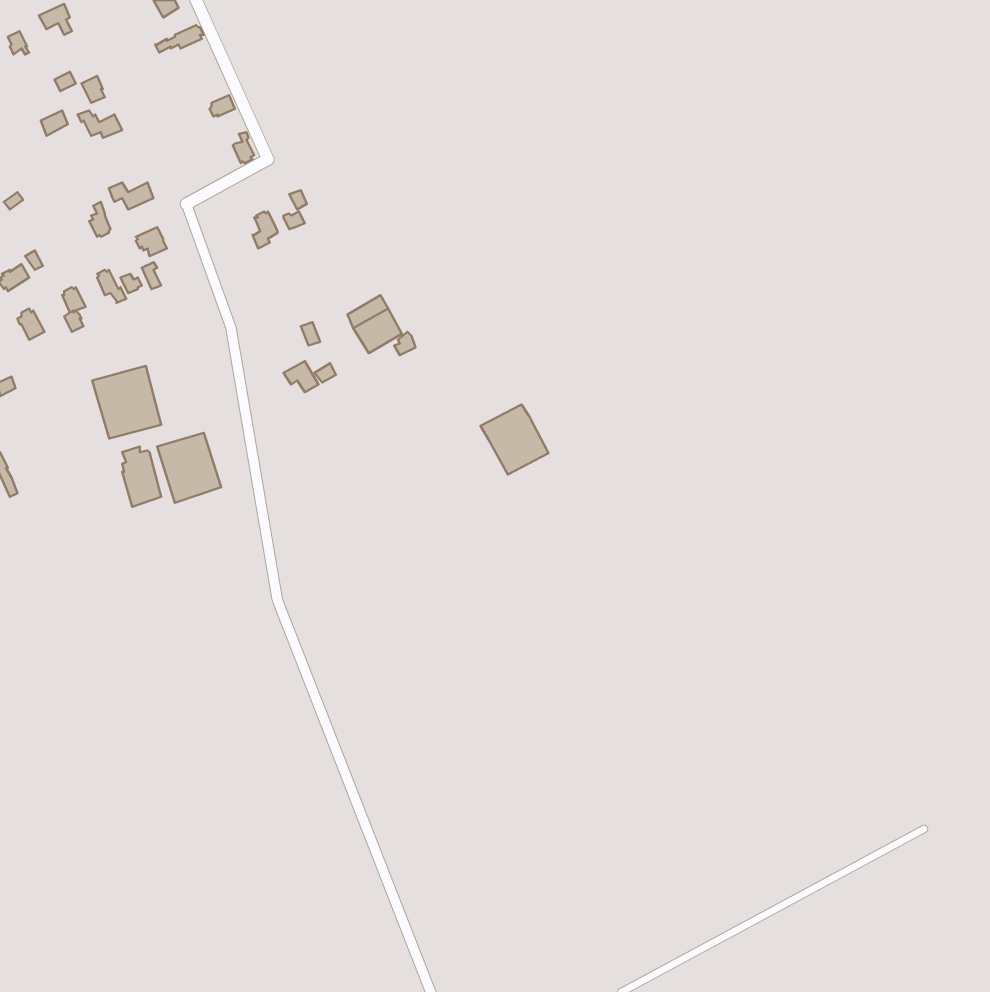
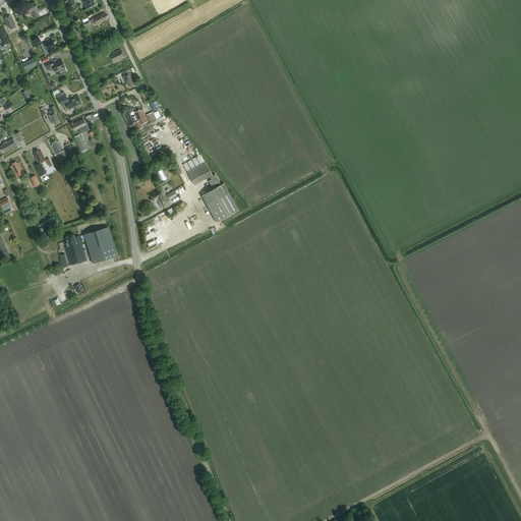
building: [92,366,161,438] -> none
building: [481,405,549,475] -> [200,184,236,221]

